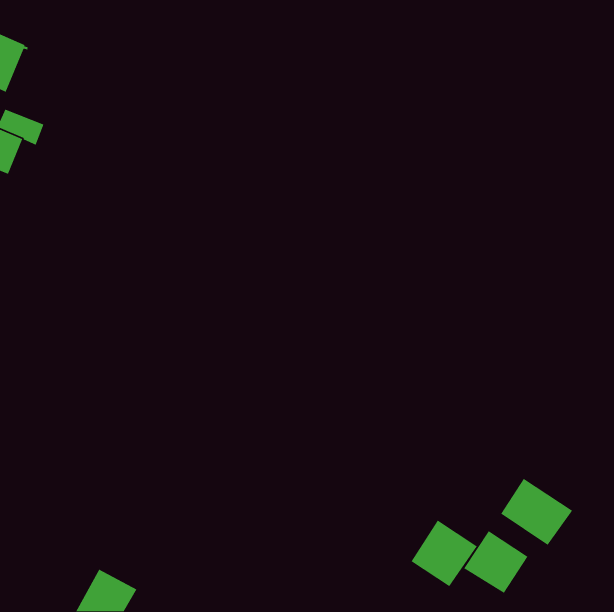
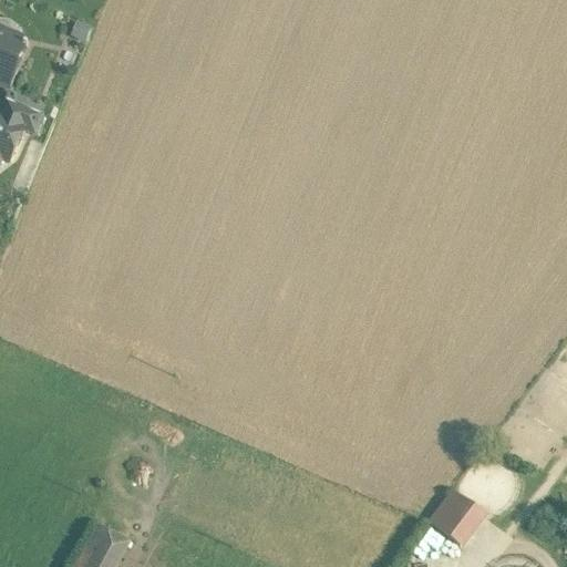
building: [500,478,573,546] -> none
building: [411,520,478,587] -> none

